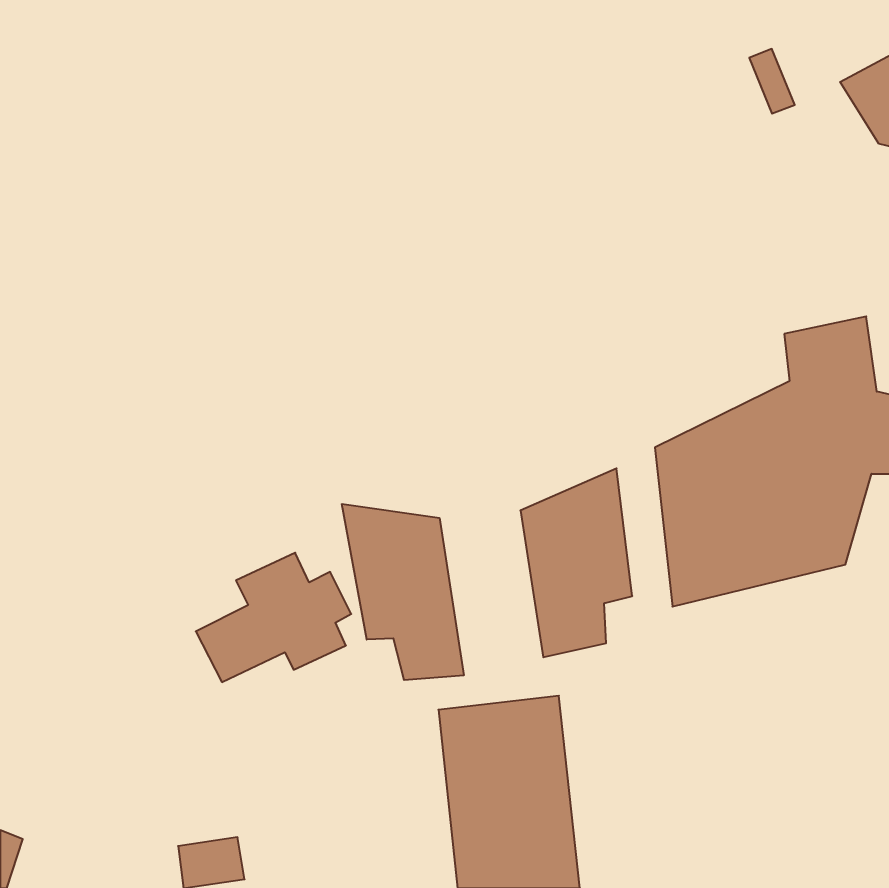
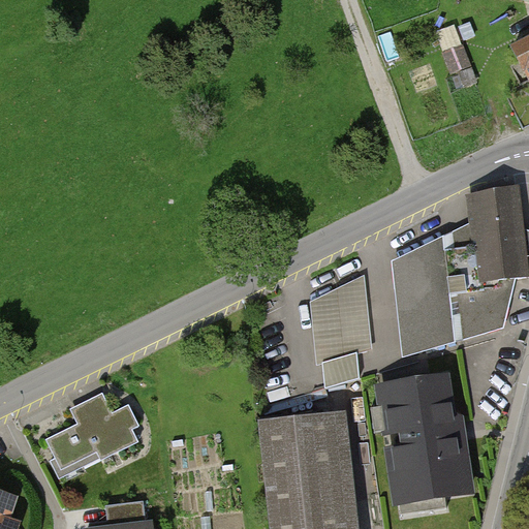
building: [342,504,464,680] -> none
building: [196,553,351,682] -> [43,393,135,469]
building: none -> [384,377,473,501]

